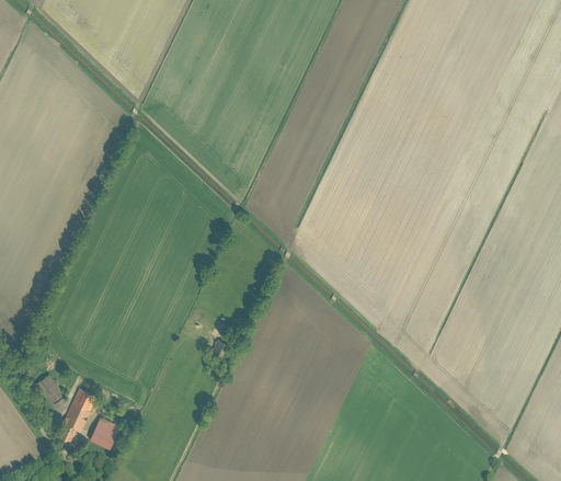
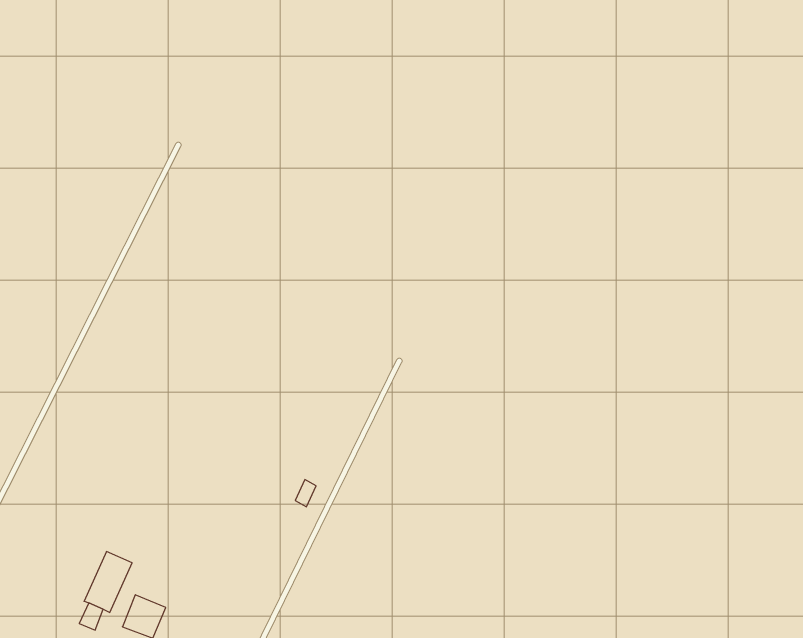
building: [36,375,66,410] -> none

